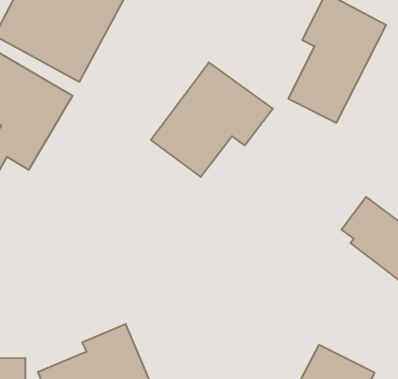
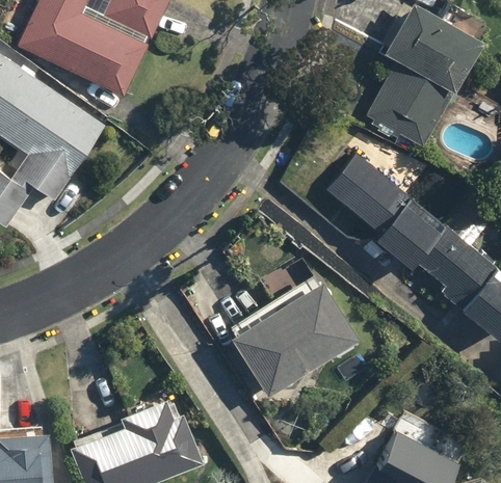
building: [151,62,273,177] -> none
building: none -> [325,155,444,270]
building: none -> [233,276,365,397]

